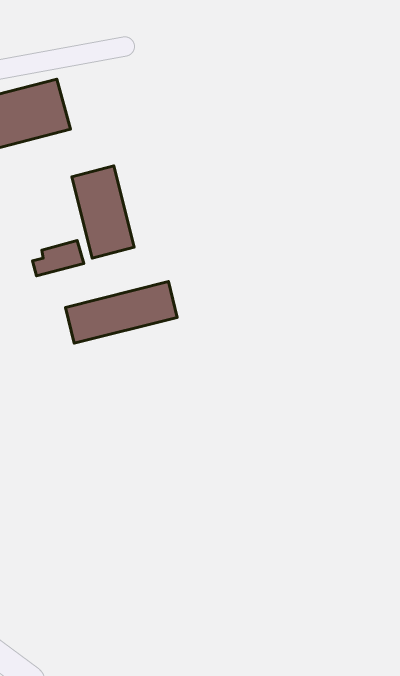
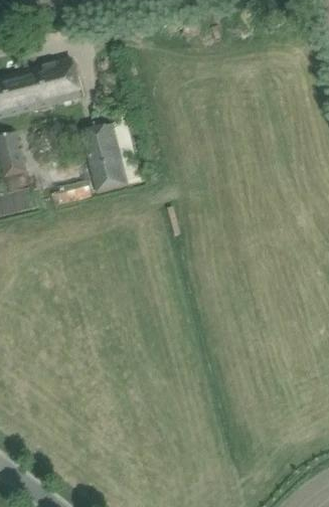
building: [66,282,177,343] -> none

